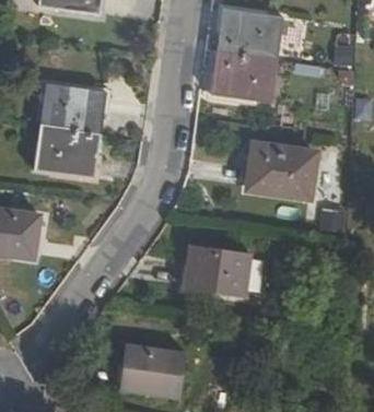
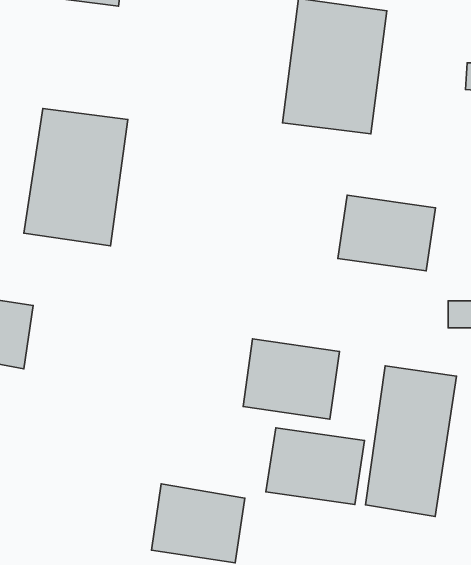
building: none -> [366,366,456,516]
building: none -> [266,428,365,505]

